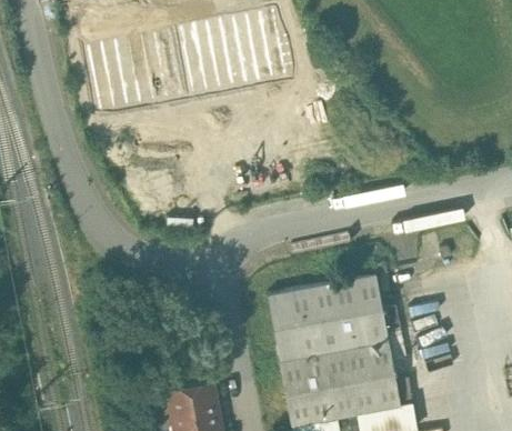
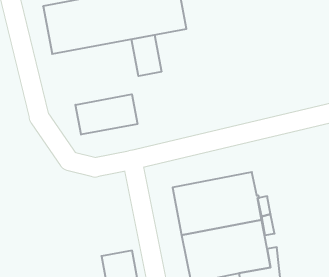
building: none -> [131,35,161,76]
building: none -> [75,94,137,135]

